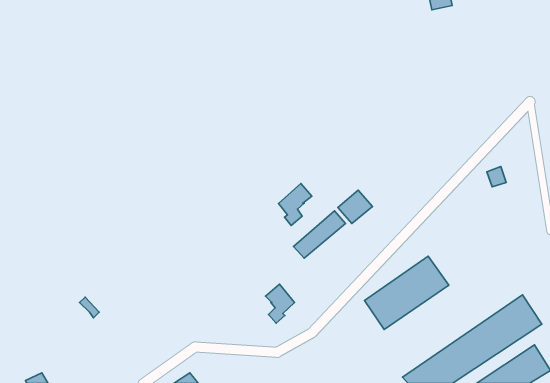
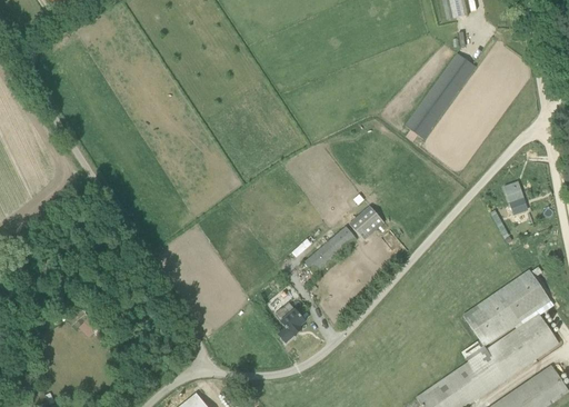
building: none -> [405,53,476,141]
building: [279,184,312,225] -> none
building: [365,256,449,330] -> [463,270,550,346]

